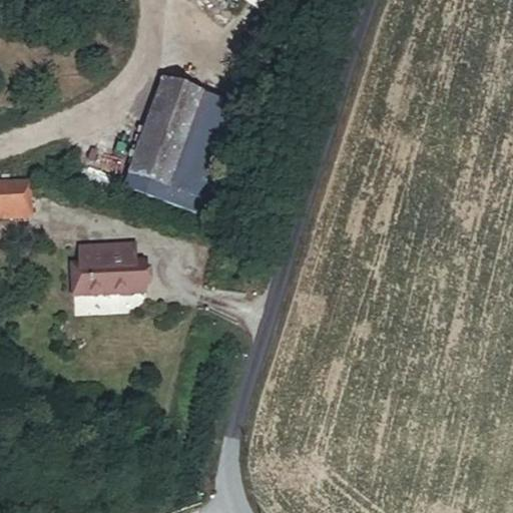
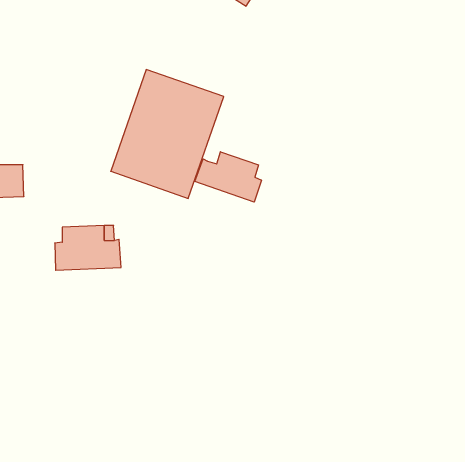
building: none -> [195,152,261,202]

